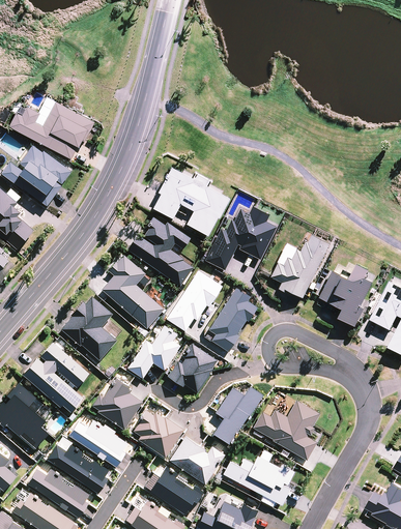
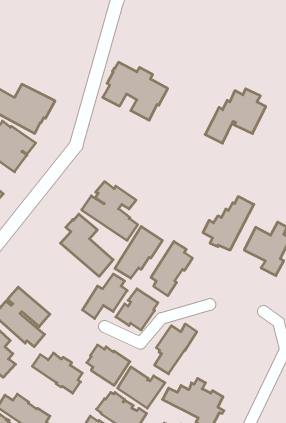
building: [152,167,229,235] -> [103,62,168,120]
building: [204,206,276,270] -> [205,89,266,143]
building: [60,295,116,359] -> none
building: [91,377,143,429] -> none
building: [253,400,319,460] -> none
building: [47,443,111,492] -> none

